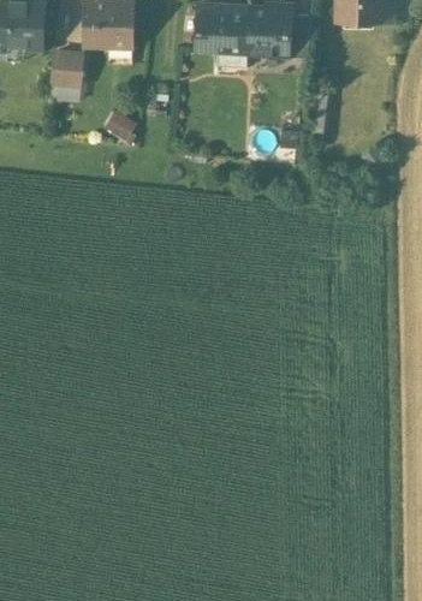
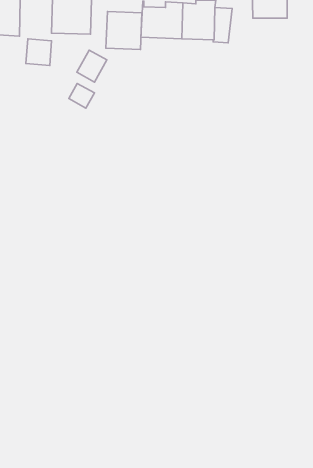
building: none -> [106,11,142,50]
building: none -> [77,50,107,82]

